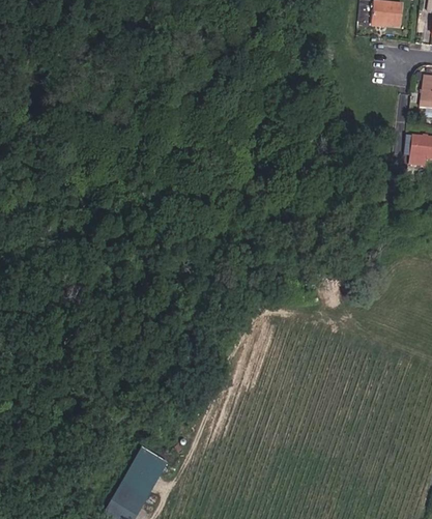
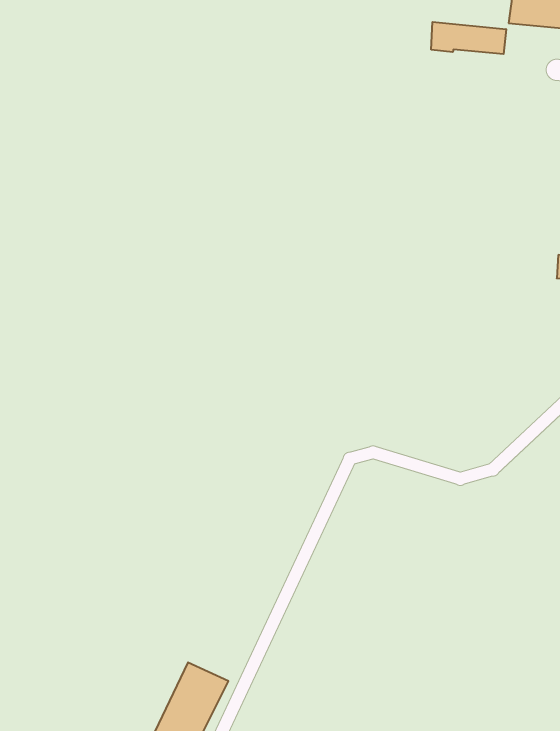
building: none -> [431,22,506,54]

